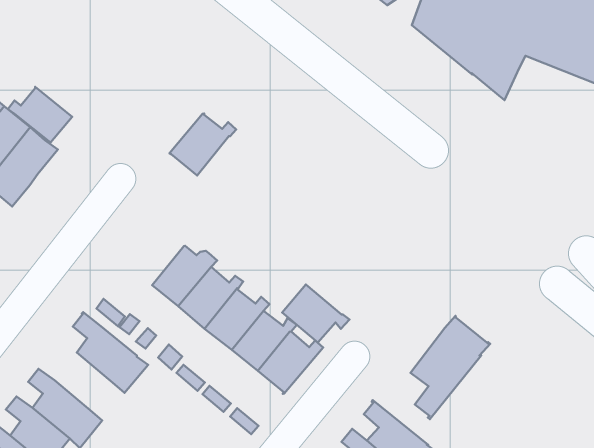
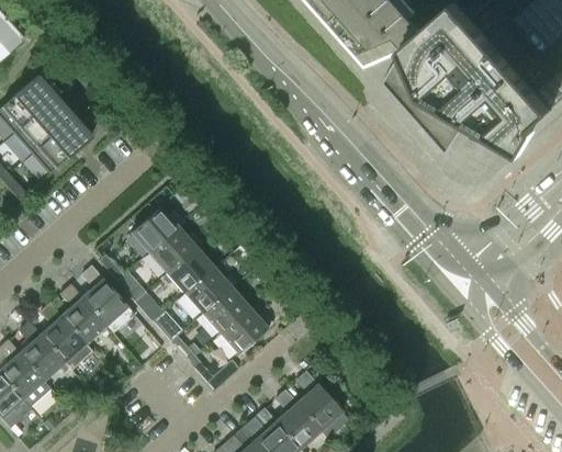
building: [8,87,72,143] -> none
building: [170,114,236,175] -> [131,206,186,253]
building: [282,284,350,343] -> none
building: [410,316,490,419] -> none
building: none -> [61,285,108,344]

